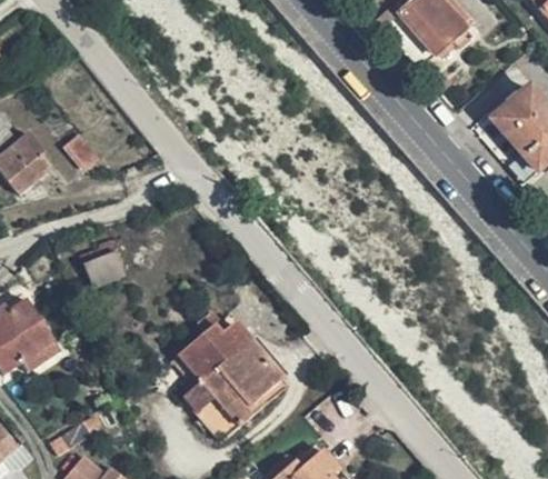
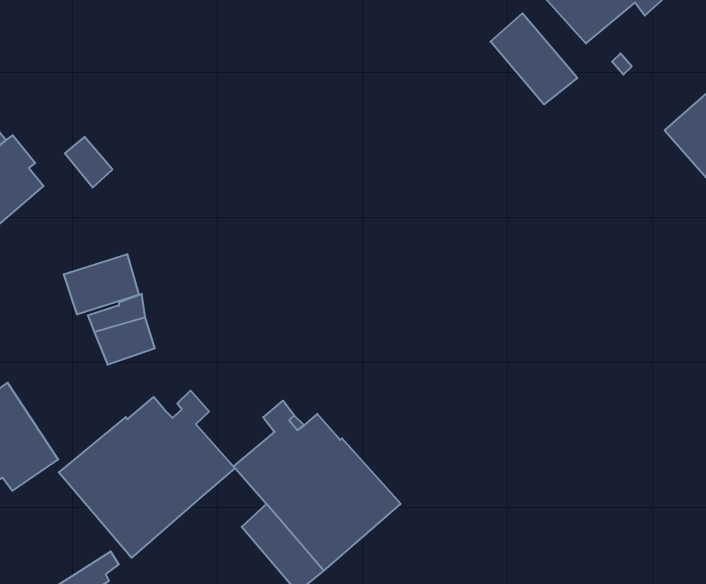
building: none -> [490,13,577,104]
building: none -> [64,254,139,315]
building: none -> [59,391,235,558]

